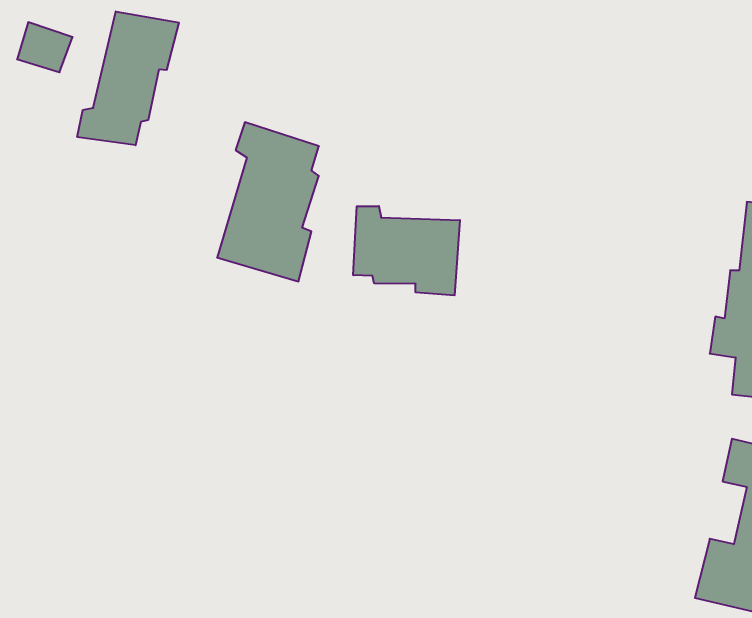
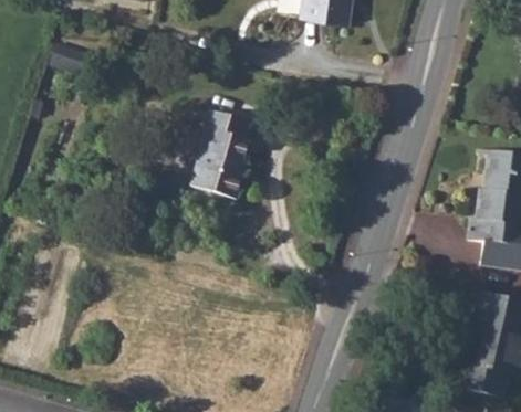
building: [77,11,179,145] -> none
building: [353,206,460,295] -> none

